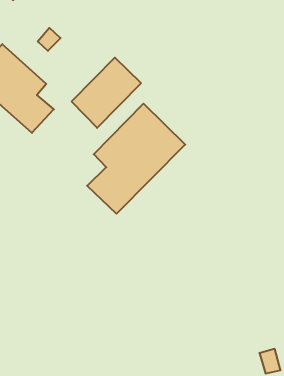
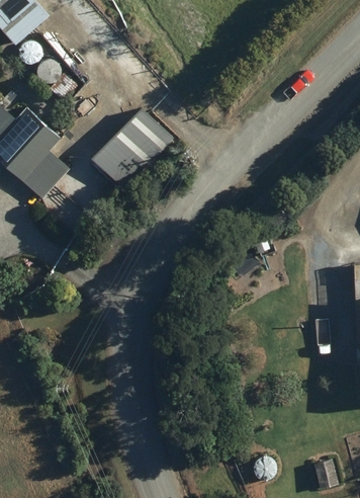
building: [87,104,185,214] -> none

